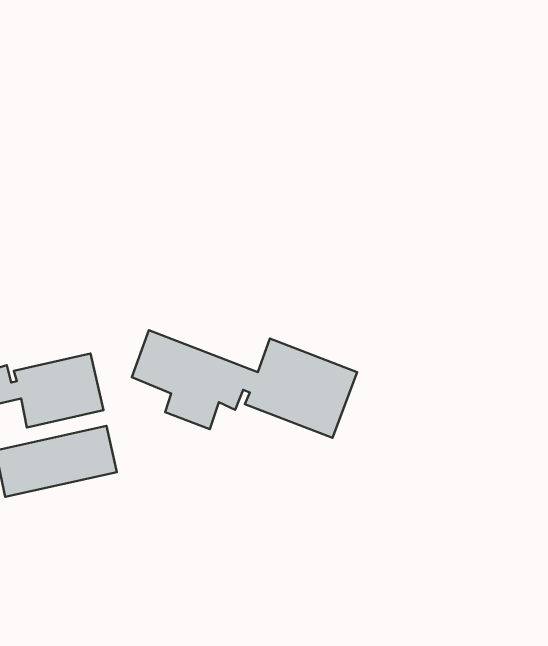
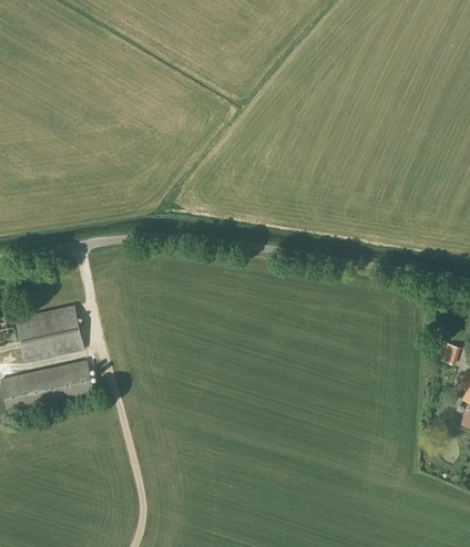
building: [132,330,357,438] -> none

